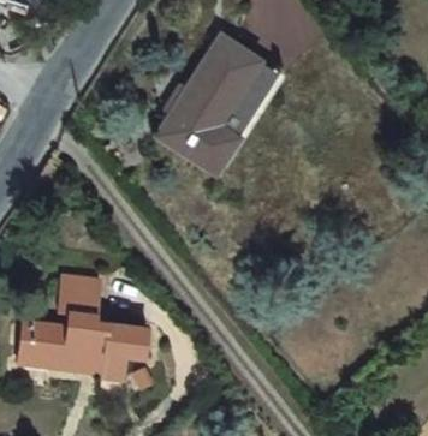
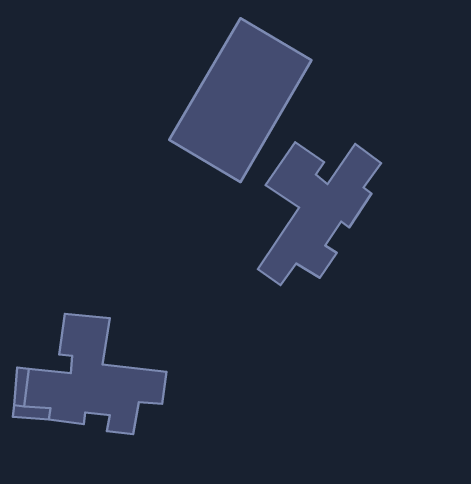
building: none -> [258,142,381,285]

